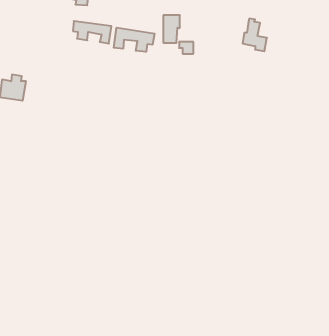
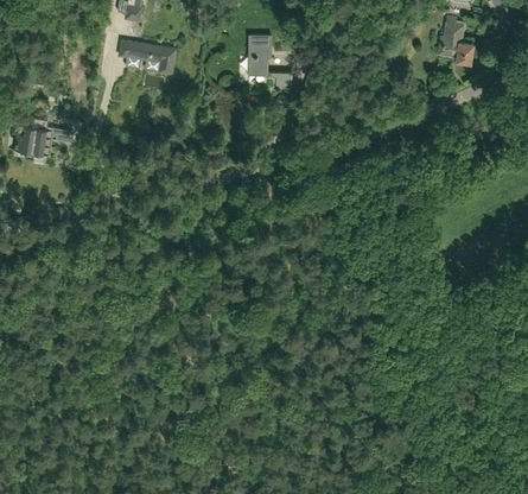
building: [243,19,267,51] -> [439,18,473,64]
building: [114,28,155,52] -> none

